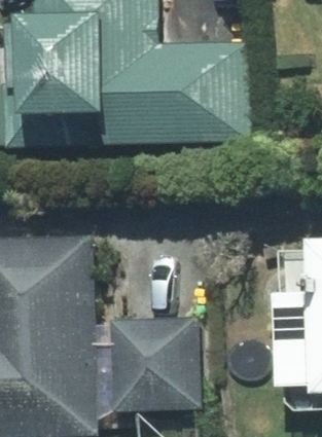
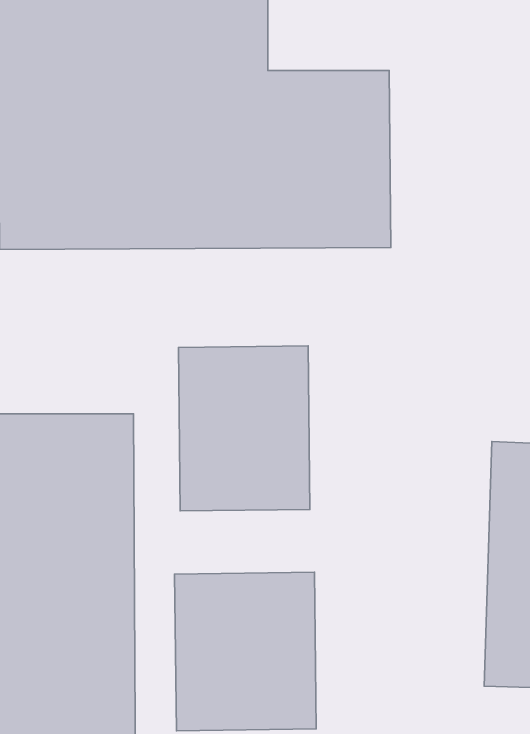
building: none -> [179,346,310,511]

